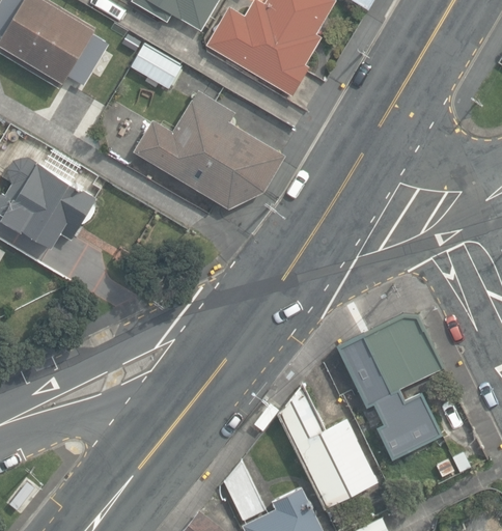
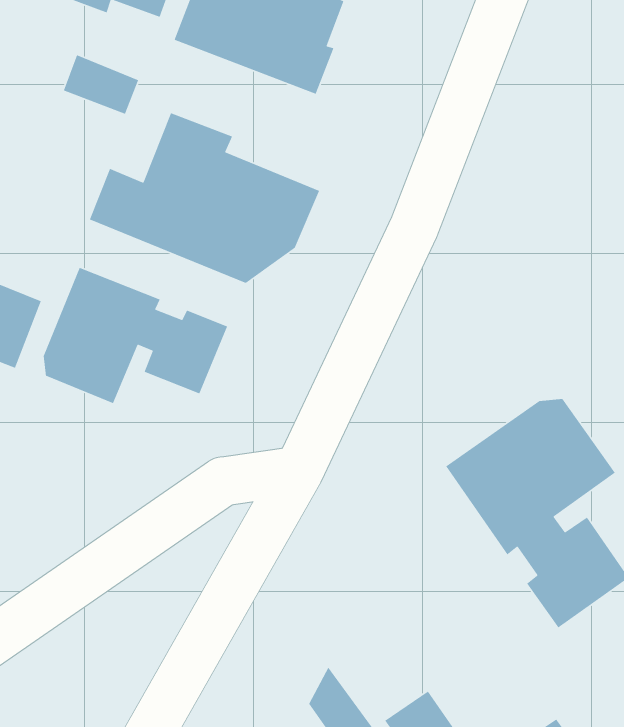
building: none -> [43,267,228,404]
building: [277,384,376,507] -> none

